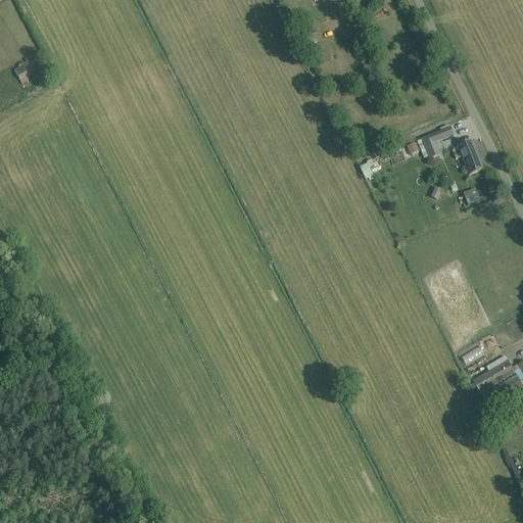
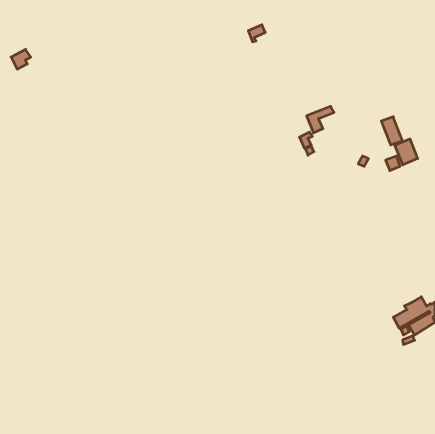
building: [420,127,453,158] -> [307,106,334,133]
building: none -> [395,139,418,165]

